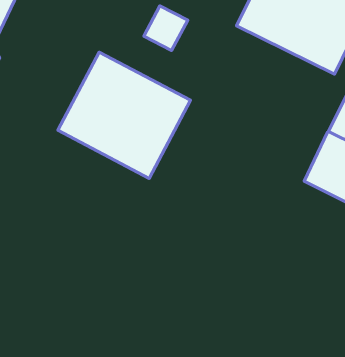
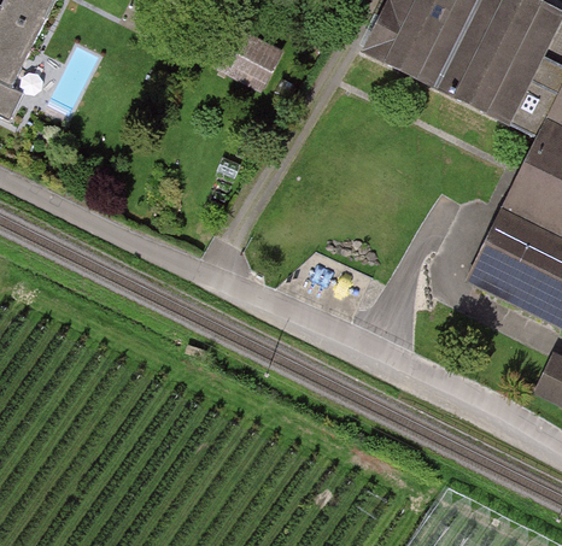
building: [58,52,190,178] -> none

